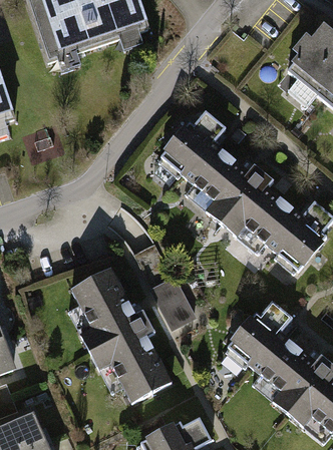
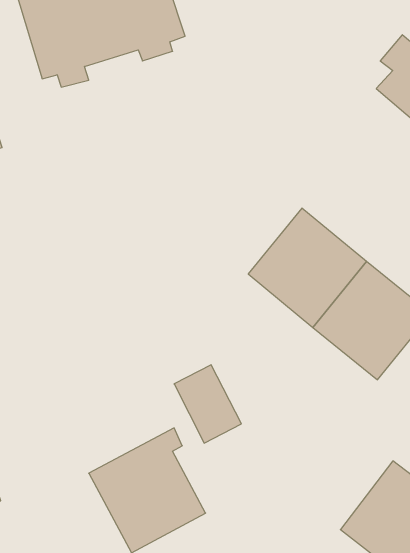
building: [154,119,239,203] -> none
building: [53,266,145,349] -> none
building: [221,305,305,390] -> none

